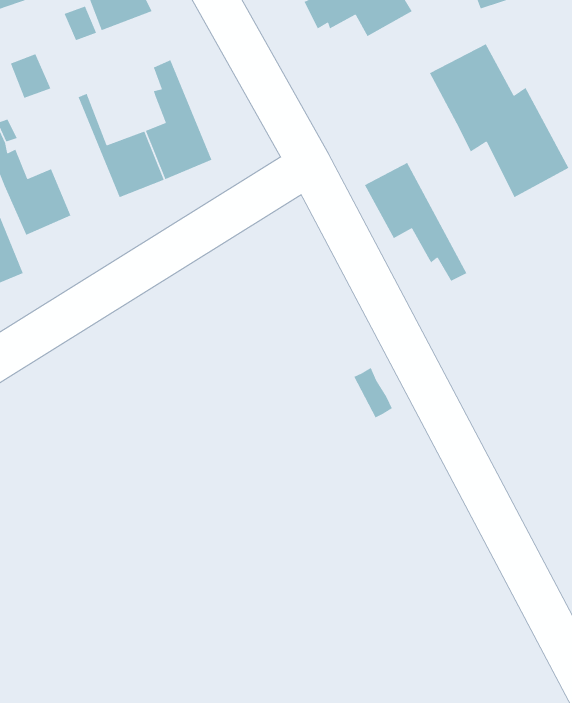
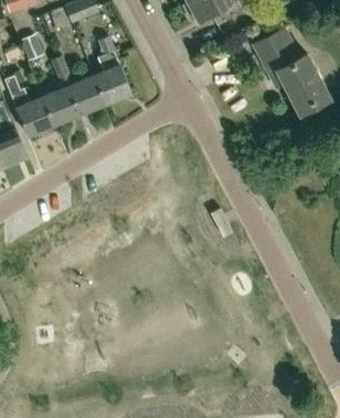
building: none -> [43,58,80,124]
building: [364,162,467,282] -> none

